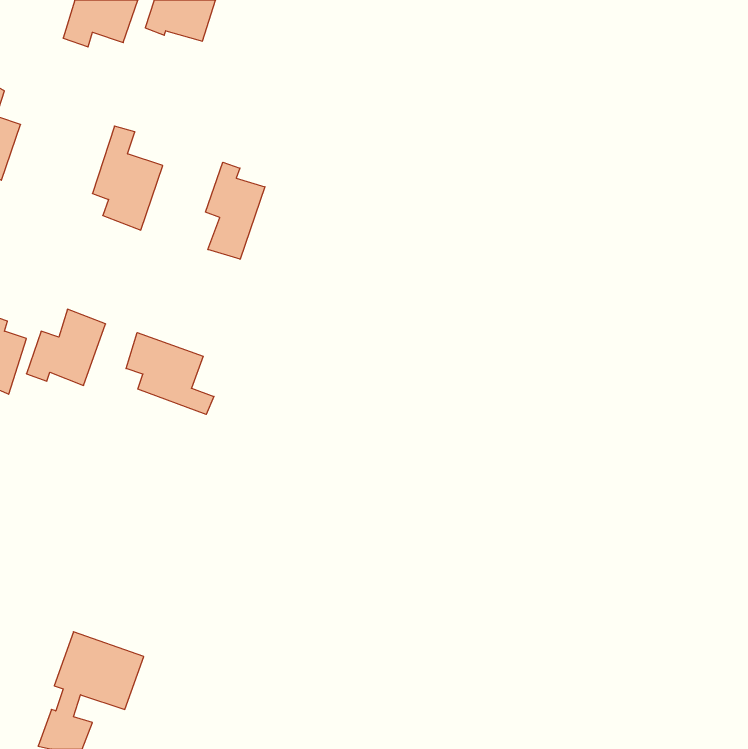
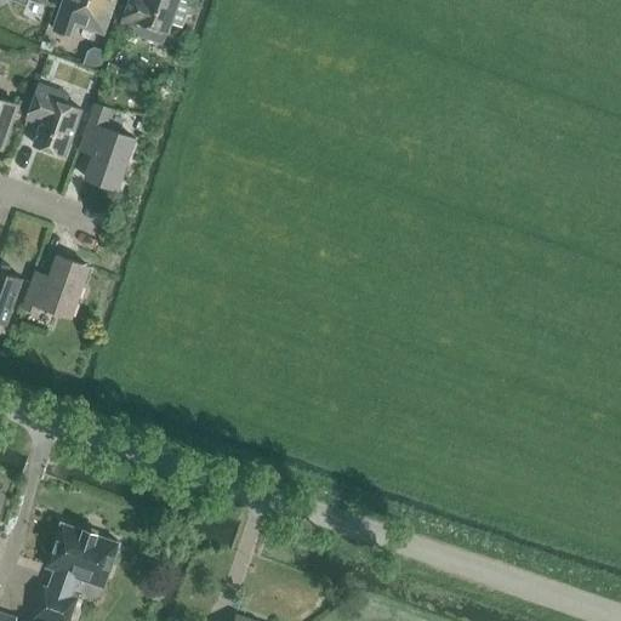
building: none -> [27,84,81,156]
building: [206,162,265,259] -> none
building: [126,333,214,414] -> none

